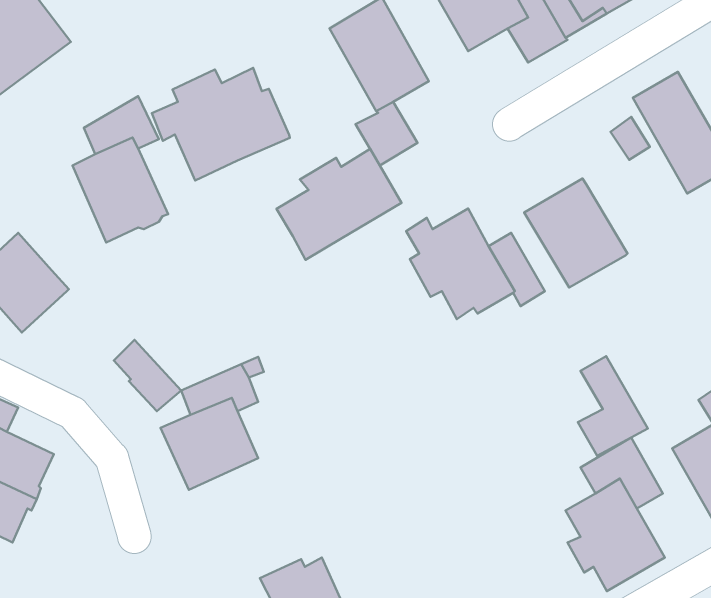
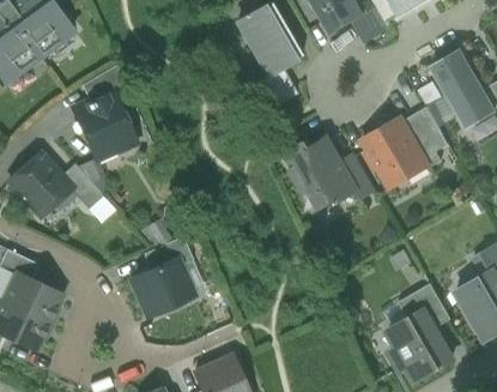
building: [152,68,290,180] -> none
building: [276,149,401,260] -> none
building: none -> [402,107,449,168]
building: [114,340,181,411] -> [61,163,104,209]
building: [578,356,648,456] -> none

